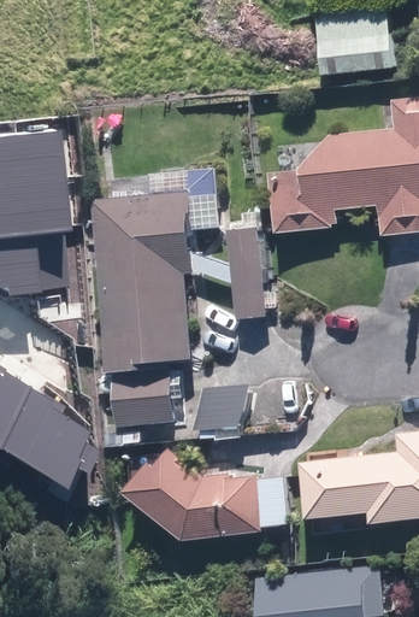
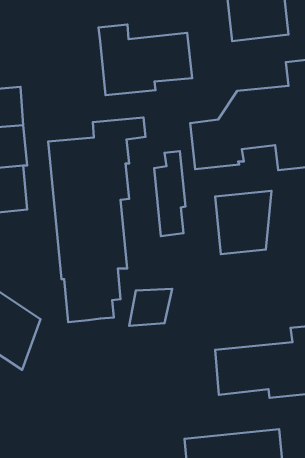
building: none -> [99,25,192,95]
building: none -> [215,191,272,254]
building: [125,451,288,541] -> none

